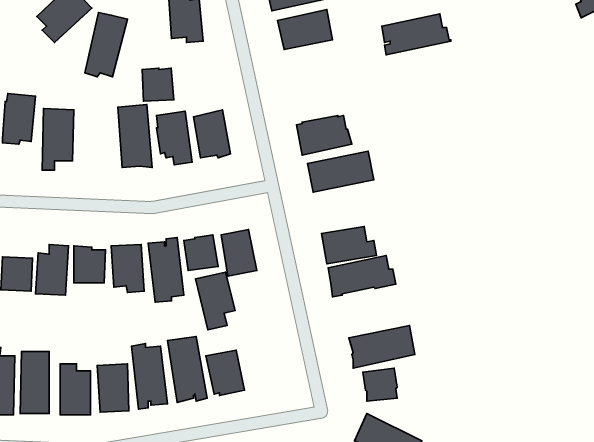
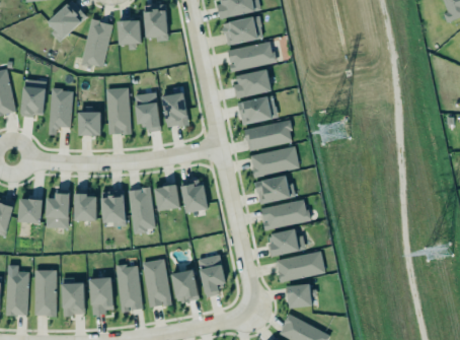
building: [382,14,451,55] -> [227,41,278,71]
building: [142,68,174,101] -> [118,19,141,44]
building: none -> [234,71,273,99]
building: none -> [78,112,100,135]
building: none -> [250,146,299,178]
building: [195,272,235,330] -> [198,256,227,298]
building: none -> [266,227,305,257]

